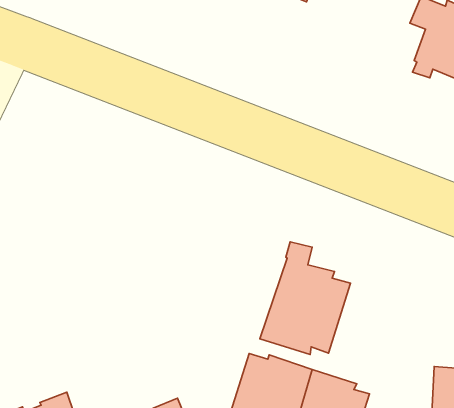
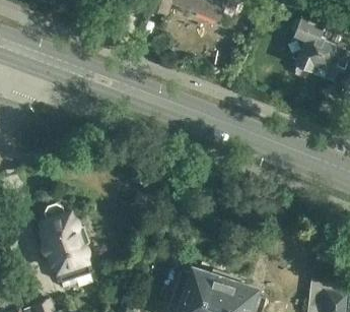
building: [260,242,350,354] -> none
building: none -> [39,204,88,284]

